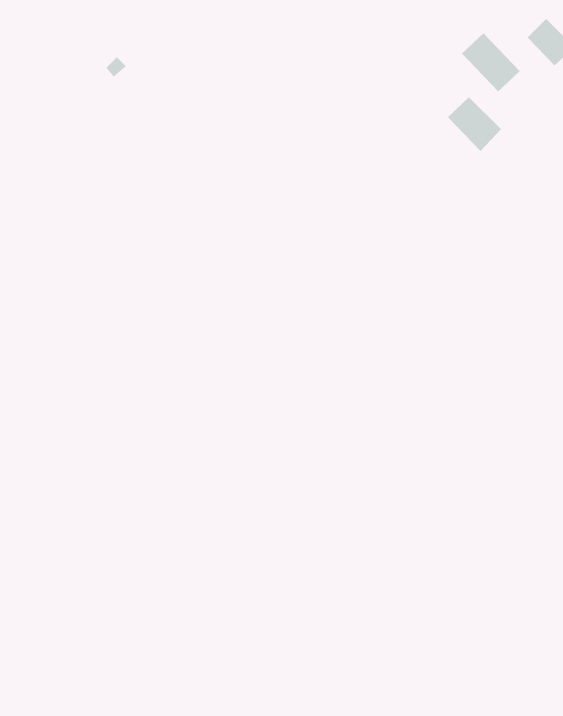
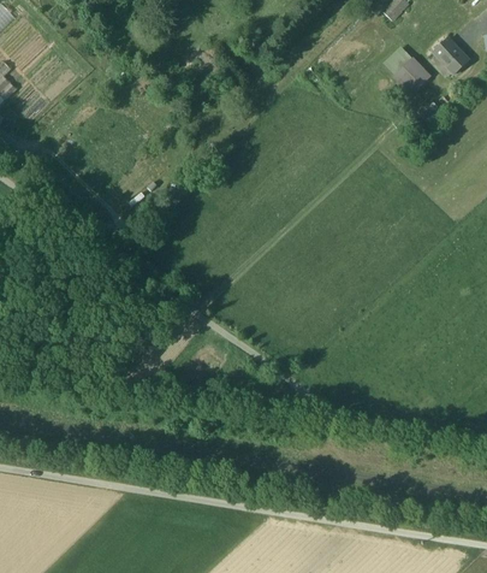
building: [447,97,502,152] -> none

